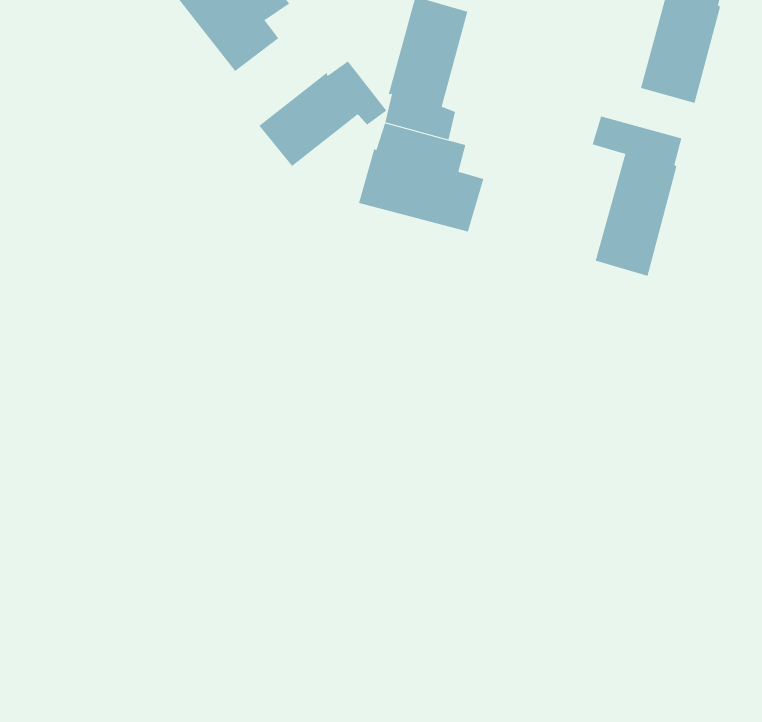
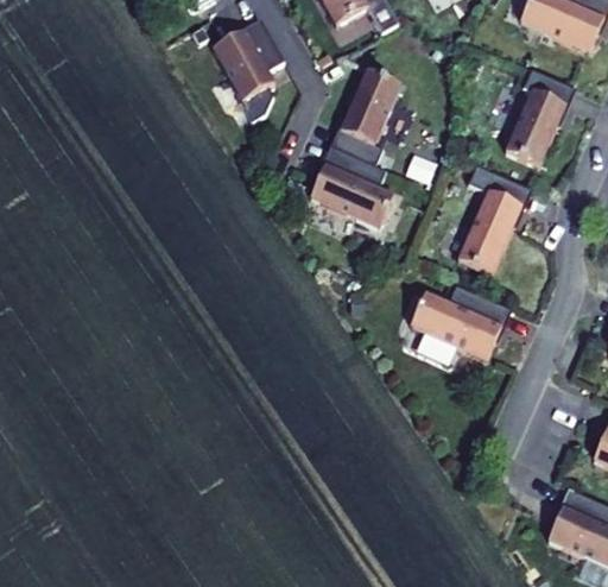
building: [258,61,387,167] -> none
building: none -> [410,285,507,360]

